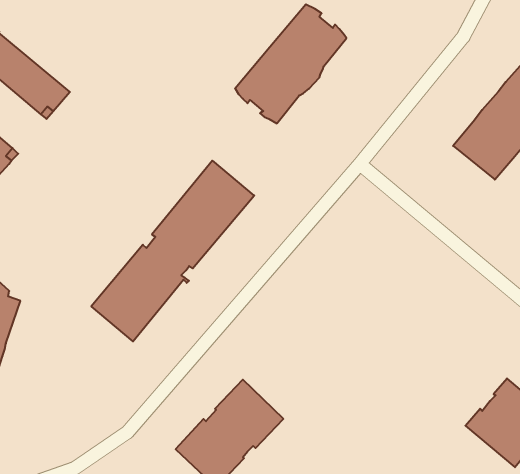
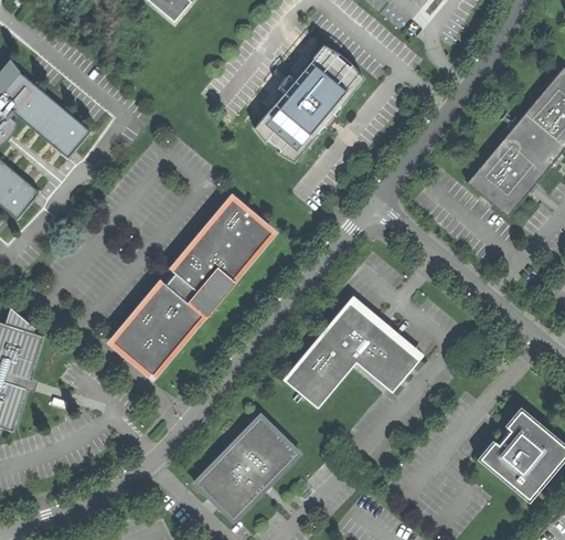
building: none -> [285,298,420,406]

